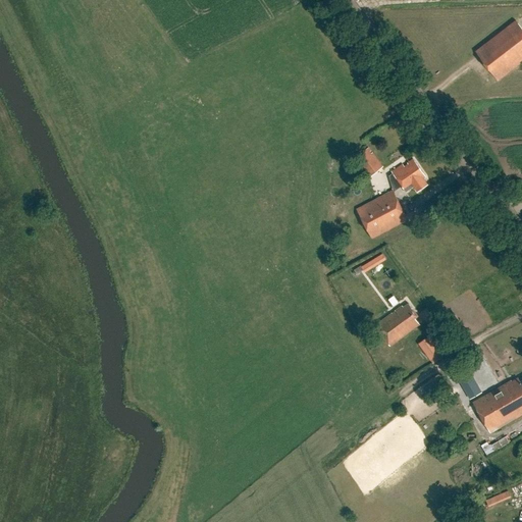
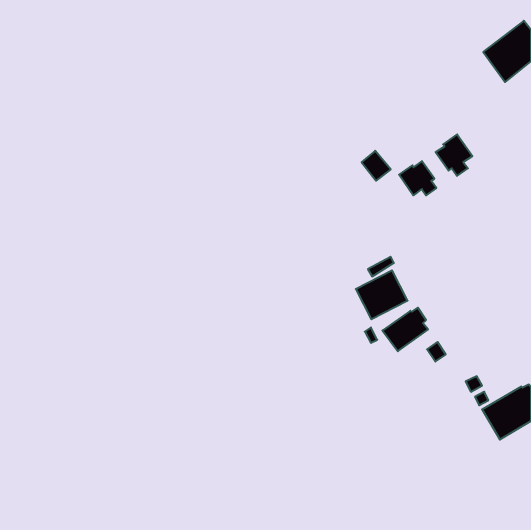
building: none -> [436,134,472,176]
building: [357,190,408,238] -> [356,270,408,319]

